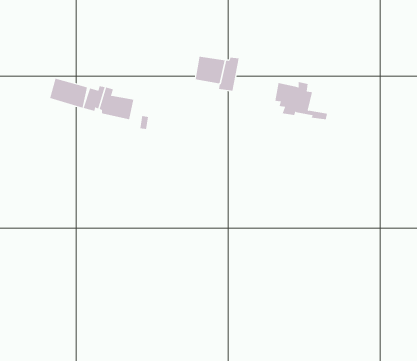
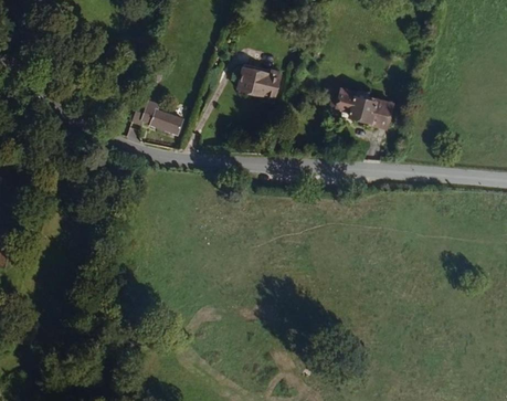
building: [50,78,87,108] -> none
building: none -> [363,101,388,126]

